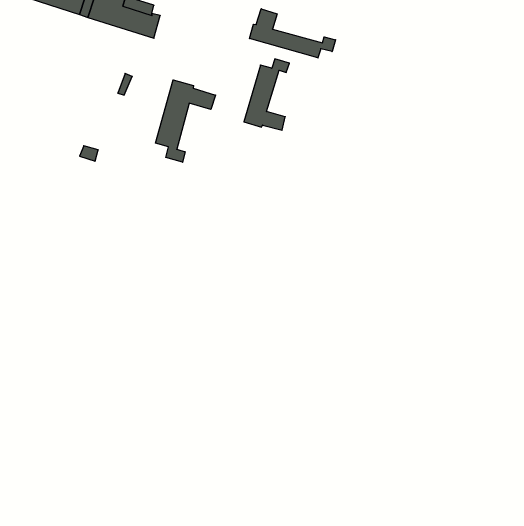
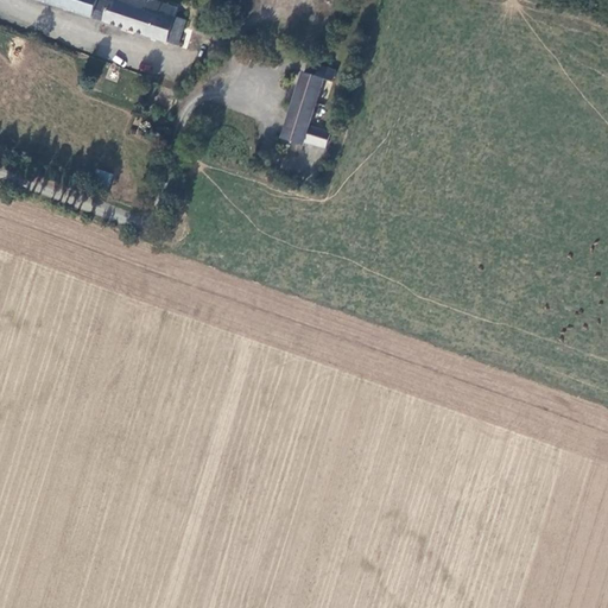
building: [250,9,336,58] -> none
building: [155,80,216,162] -> none

